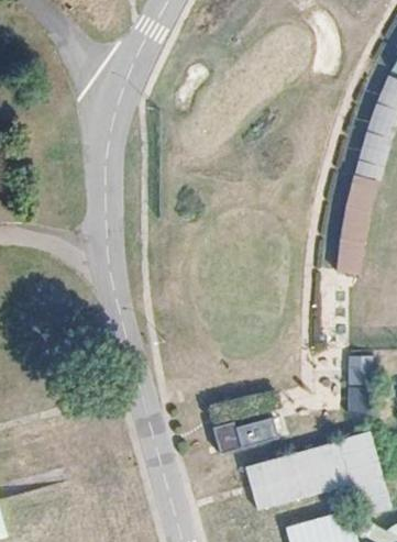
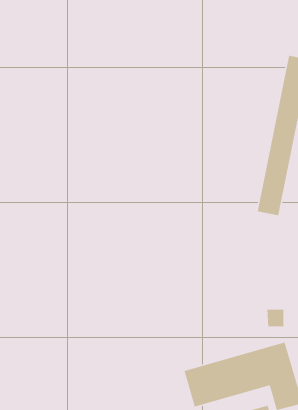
building: [220,410,285,453] -> none

